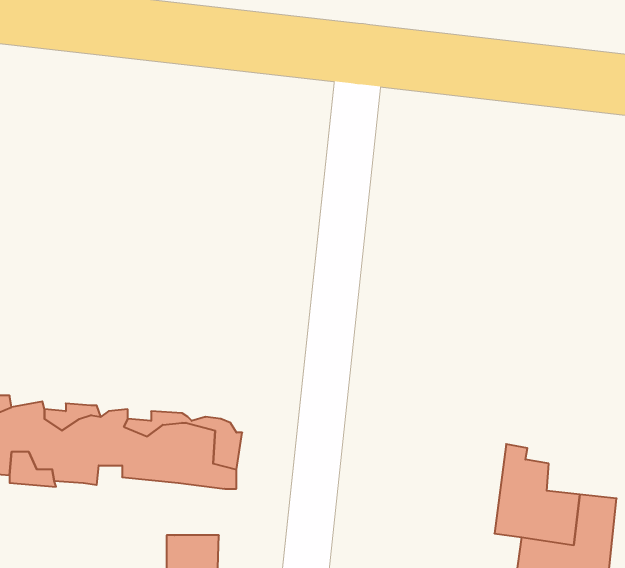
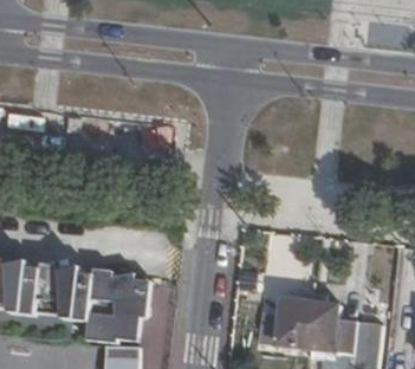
building: none -> [260,290,312,345]
building: none -> [63,304,141,344]

